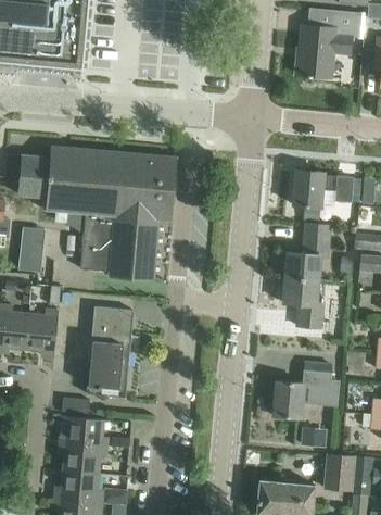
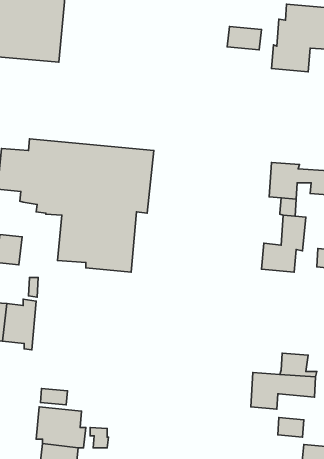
building: none -> [227,26,262,50]
building: [283,277,322,328] -> none
building: [87,306,134,398] -> none

